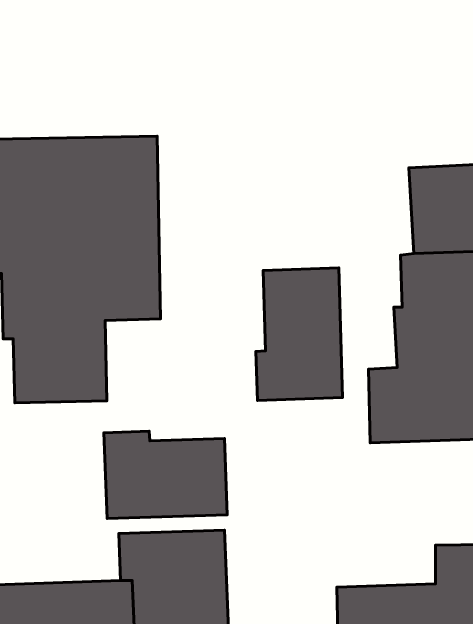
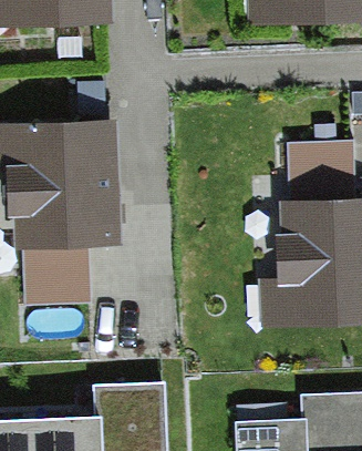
building: [256,268,342,401] -> none
building: [104,431,227,519] -> none

